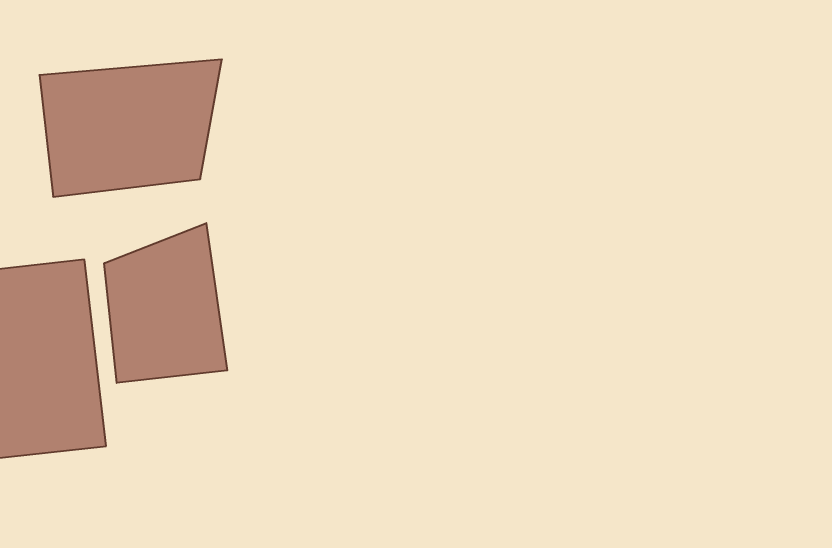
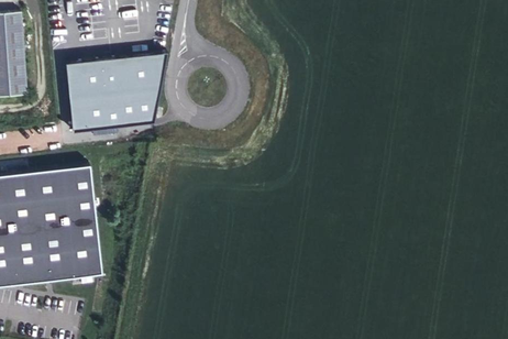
building: [104,223,227,383] -> none

